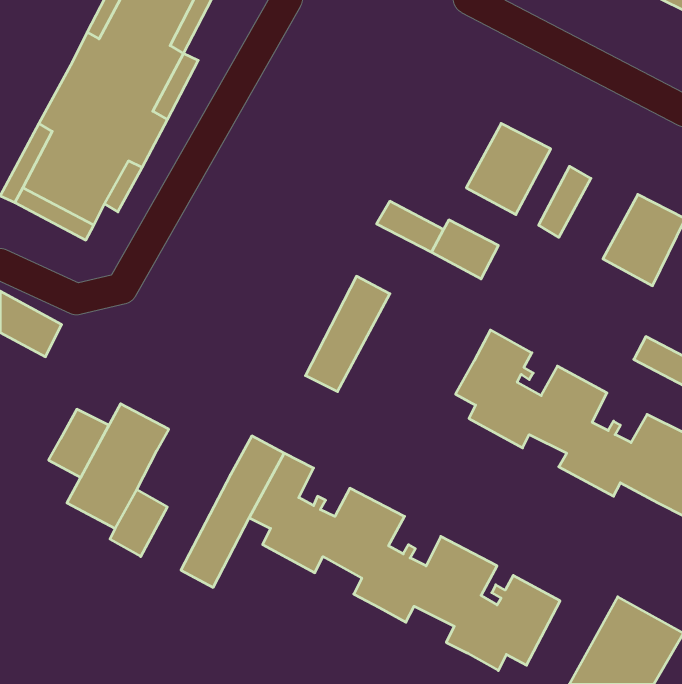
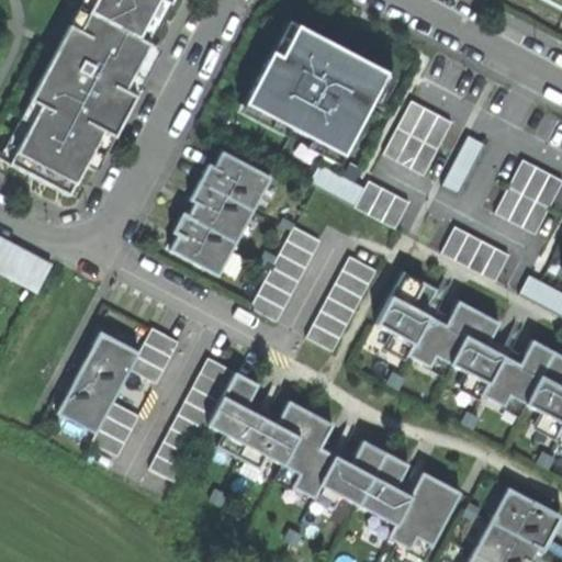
building: none -> [246,23,389,154]
building: none -> [165,149,269,276]
building: none -> [442,226,510,281]
building: none -> [307,257,376,351]
building: [49,409,109,478] -> [131,327,180,383]

